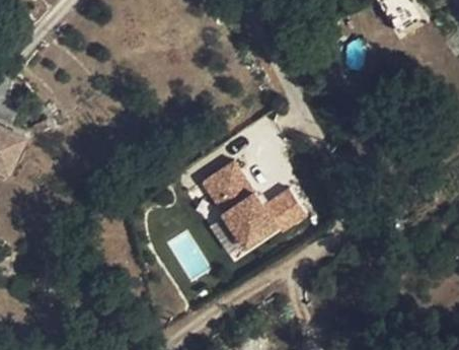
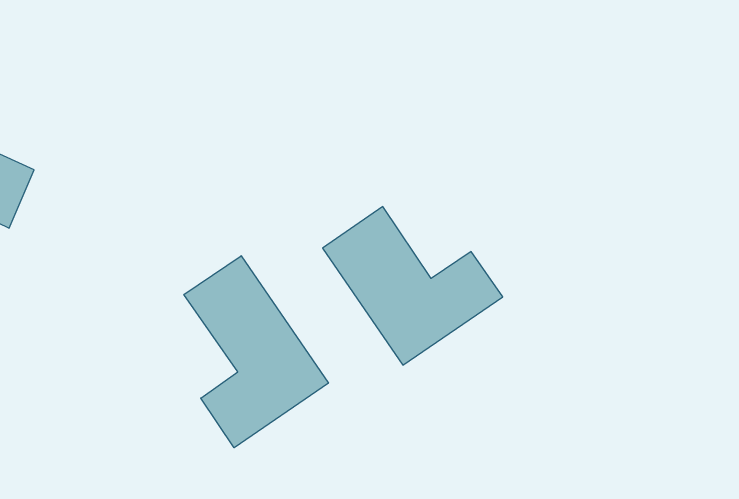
building: none -> [184,256,328,448]

